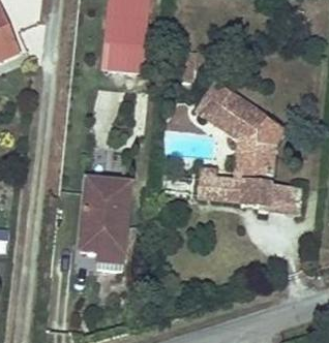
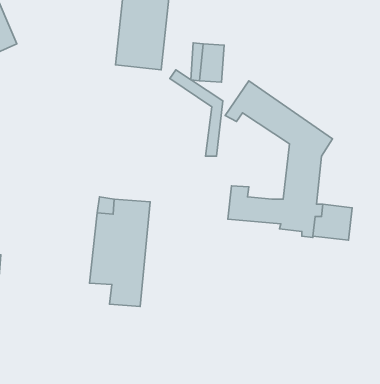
building: [204,107,248,180] -> [170,70,223,156]

